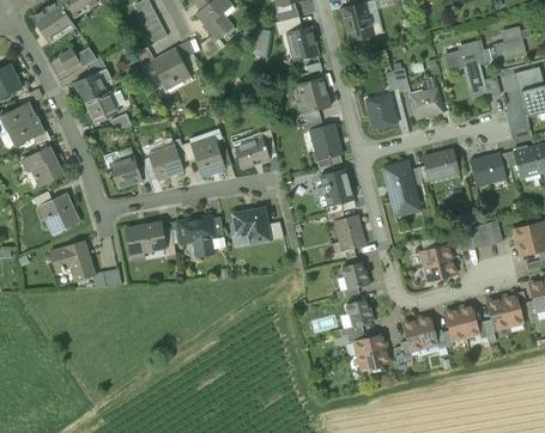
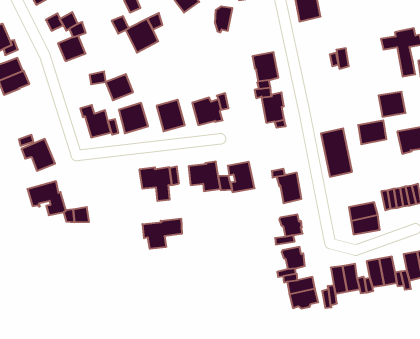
building: [287,26,319,59] -> none
building: [410,87,442,117] -> [378,92,406,117]
building: [85,91,117,122] -> [105,74,133,100]
building: [369,93,398,129] -> none
building: [23,146,61,184] -> none
building: [321,169,353,205] -> [228,162,255,192]
building: [126,221,164,254] -> none
building: none -> [142,219,182,249]

